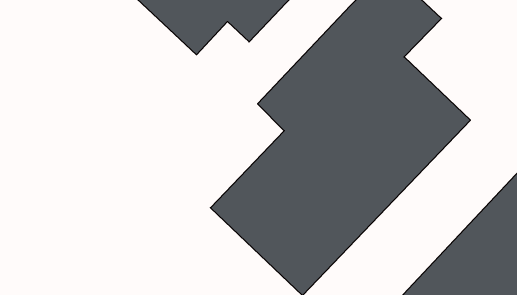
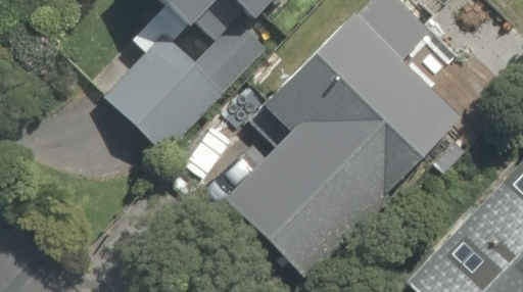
building: none -> [105,30,228,153]

